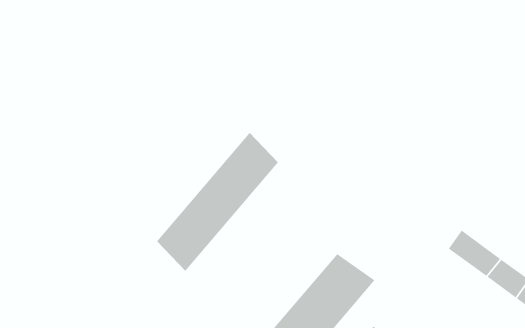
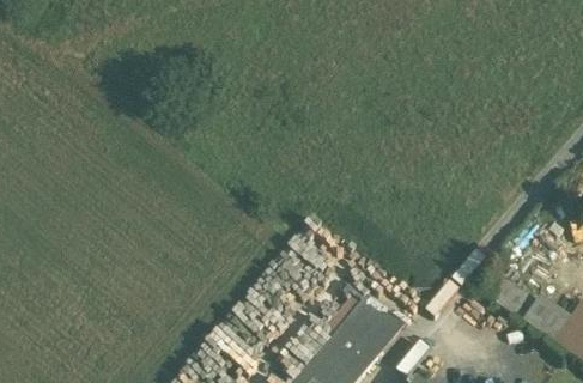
building: [156,132,279,272] -> none

